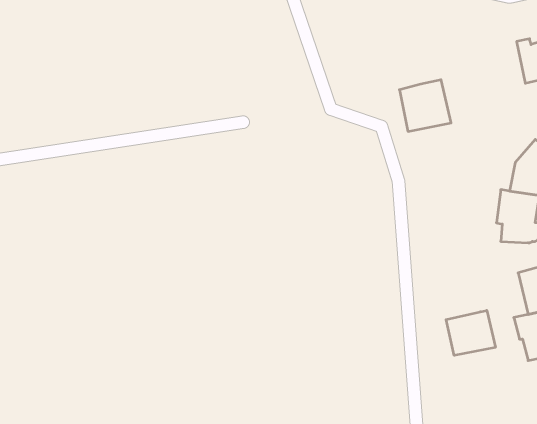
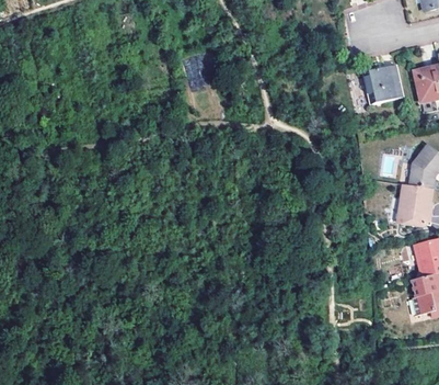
building: [399,80,451,131] -> [363,64,403,103]
building: [446,310,495,355] -> none

